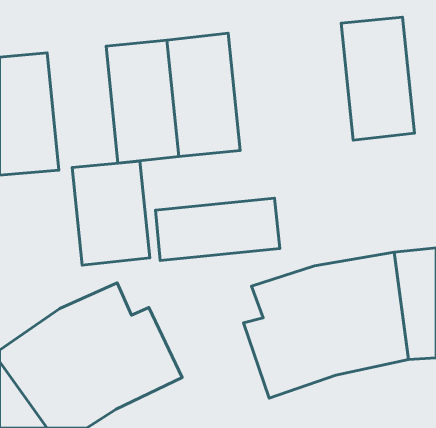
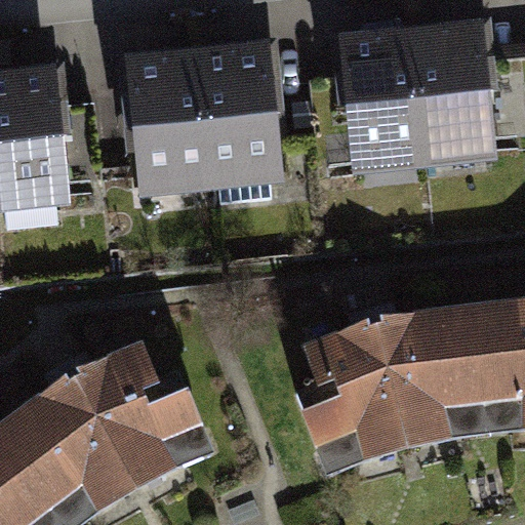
building: none -> [336,28,423,175]
building: [72,161,150,265] -> none
building: [156,198,280,261] -> none

